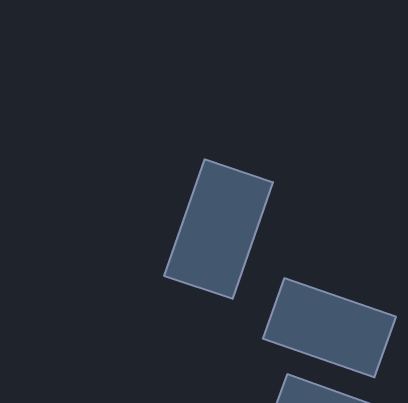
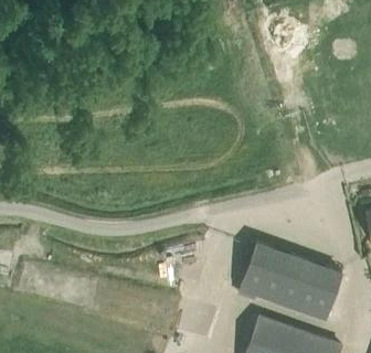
building: [164,159,273,299] -> none

